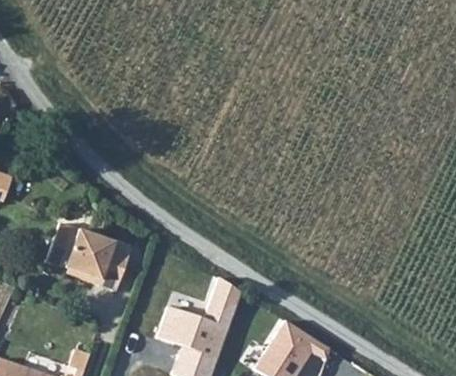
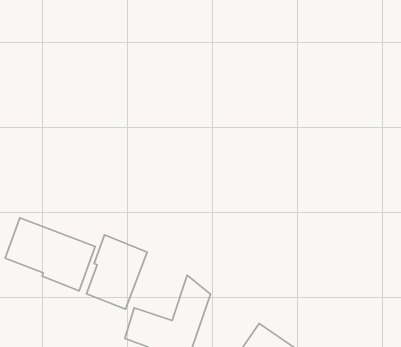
building: none -> [87,235,147,309]

